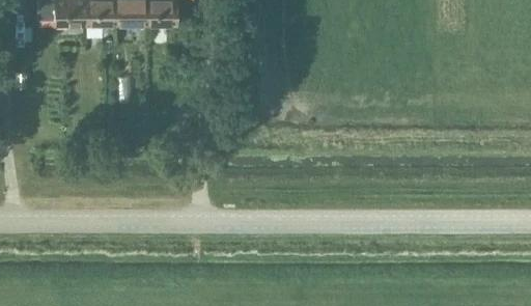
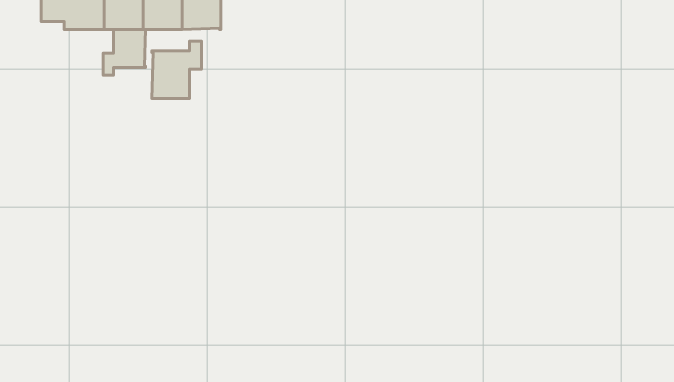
building: none -> [103,30,146,75]
building: none -> [152,41,202,99]

